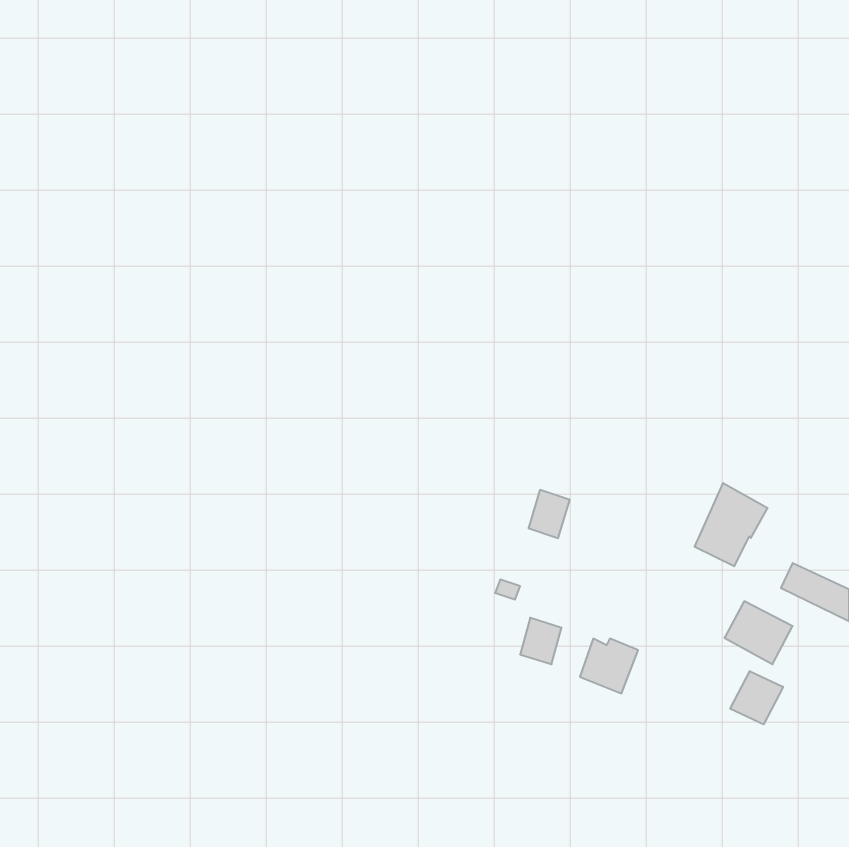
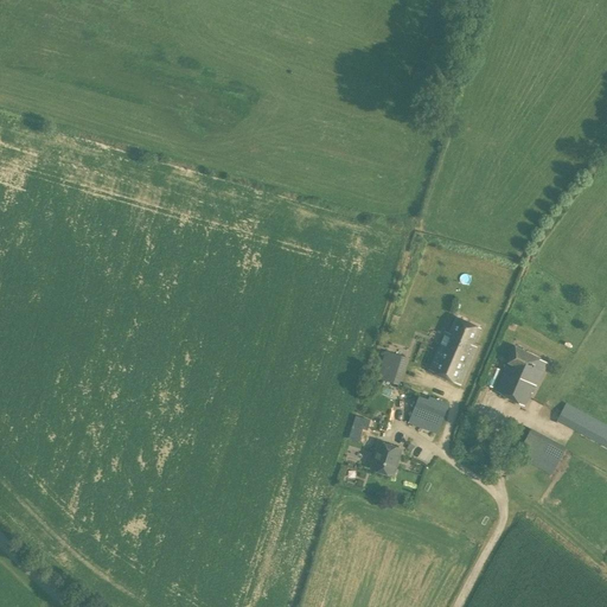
building: none -> [429,315,480,383]
building: [580,639,638,693] -> [408,395,449,434]
building: [730,671,783,724] -> none

